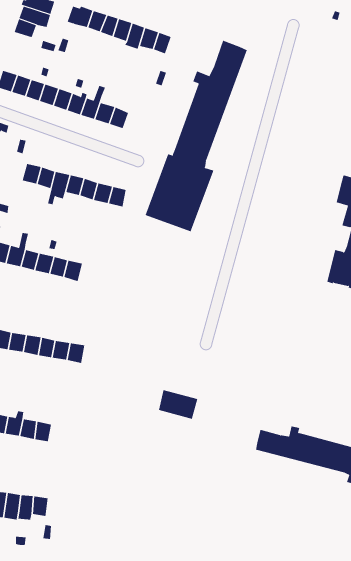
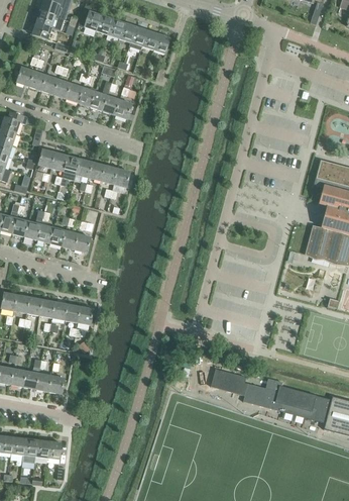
building: [145,40,247,232] -> none
building: [158,390,198,419] -> [211,368,246,394]

